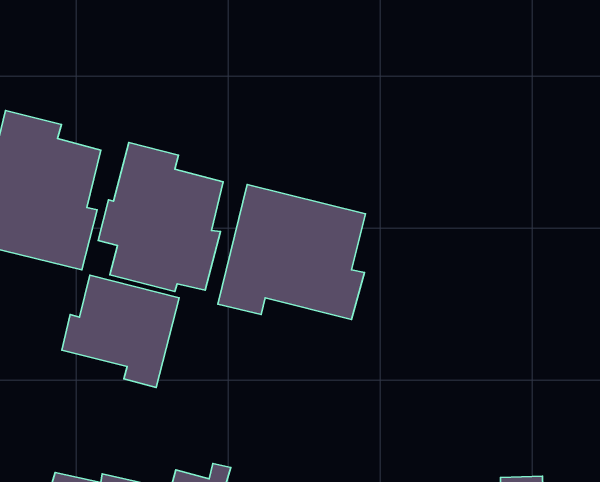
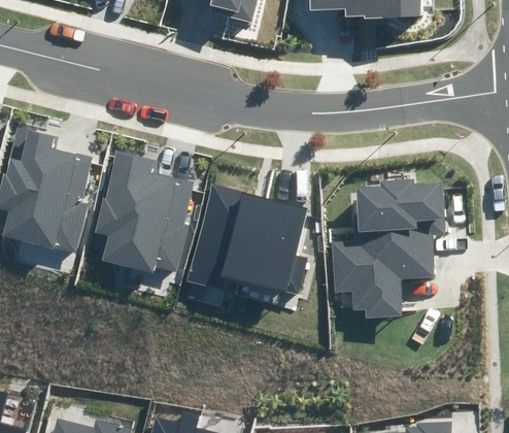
building: none -> [330,178,444,318]
building: [62,275,179,388] -> none

